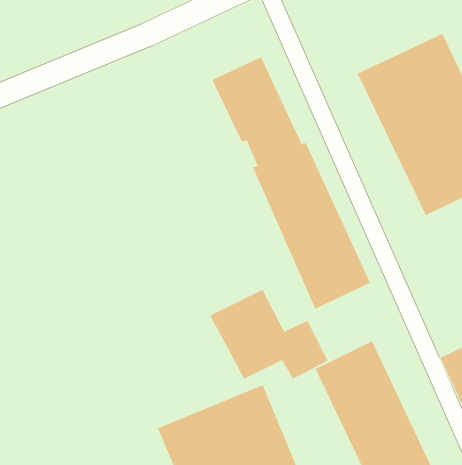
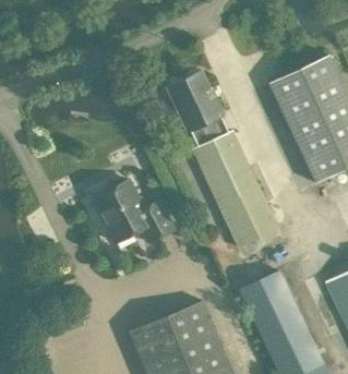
building: [210,289,328,380] -> [93,180,176,243]

